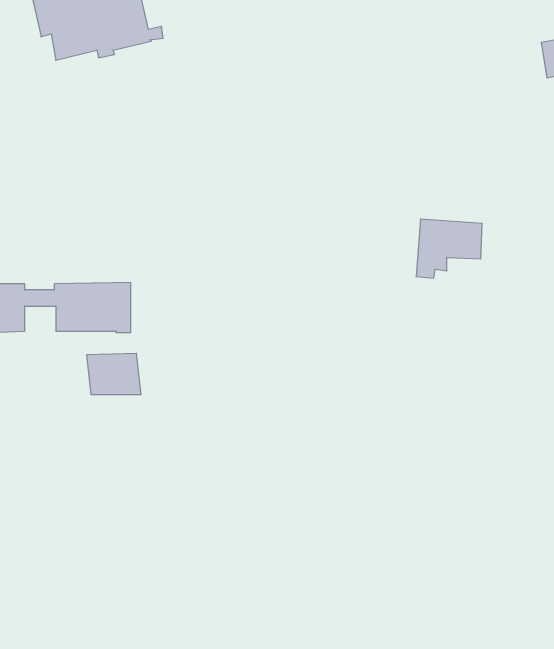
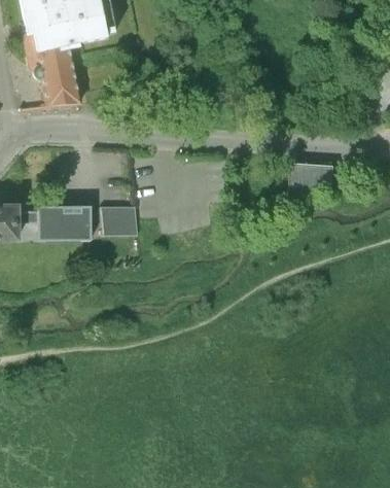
building: none -> [27,31,82,104]
building: [87,353,141,395] -> [102,205,140,234]

